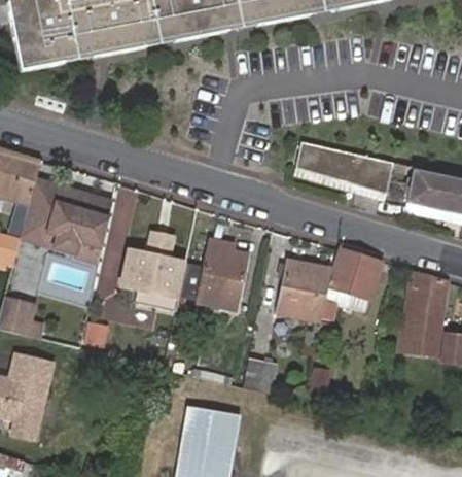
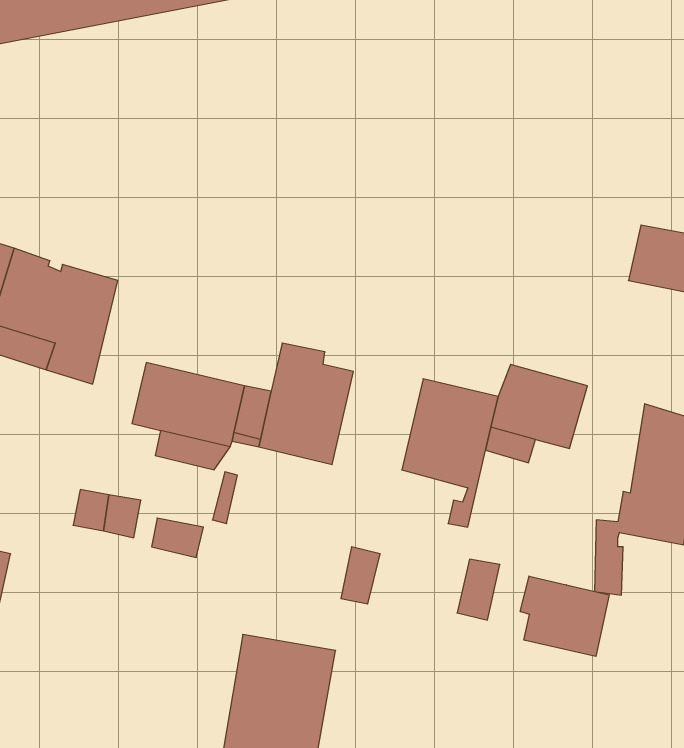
building: [295,142,394,193] -> none
building: none -> [520,576,609,656]

